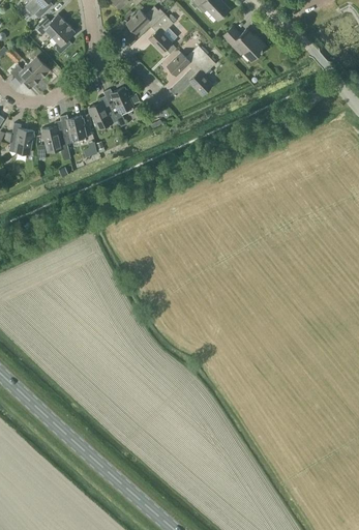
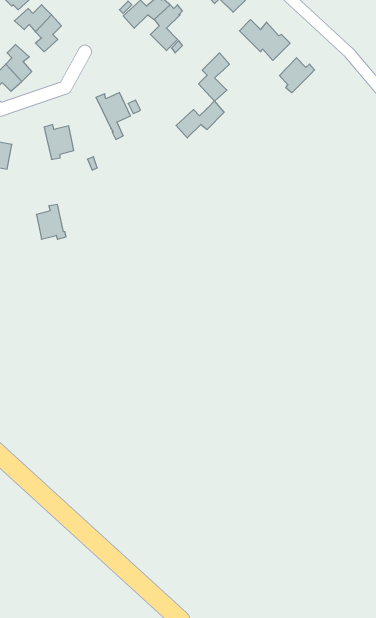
building: [167,46,207,77] -> [176,101,224,138]
building: none -> [279,58,315,93]
building: [90,96,118,127] -> none
building: [43,121,68,150] -> [36,205,66,239]

